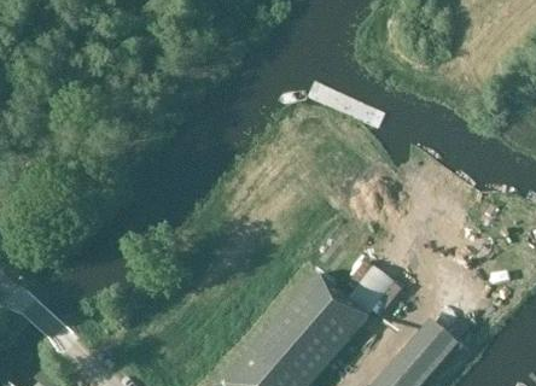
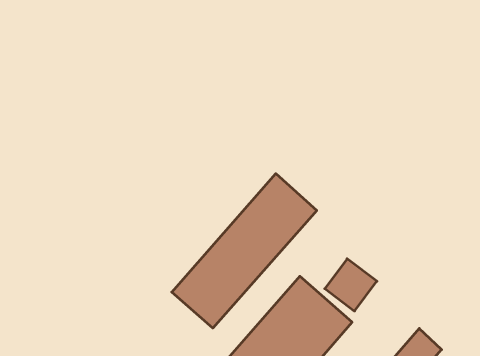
building: none -> [172,174,317,328]

